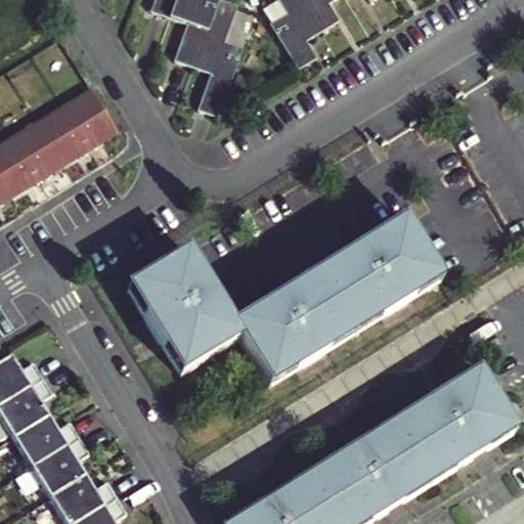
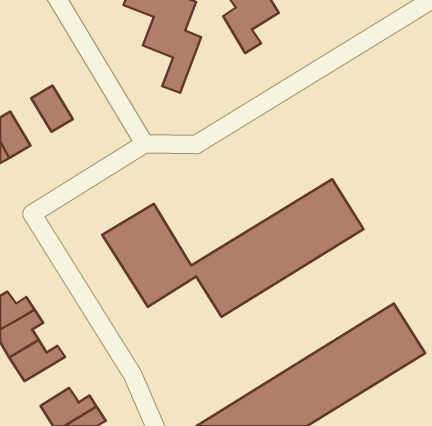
building: [63,87,115,144] -> none
building: [12,119,62,176] -> none
building: [30,432,90,491] -> none

